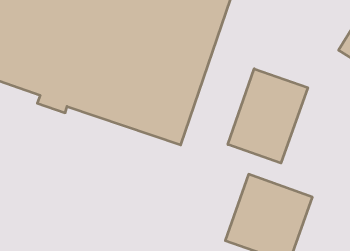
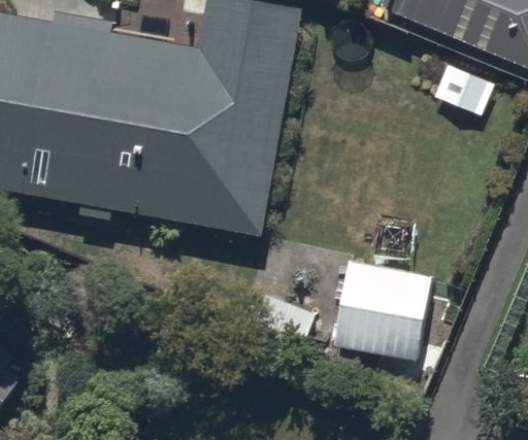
building: [228,69,308,163] -> none

